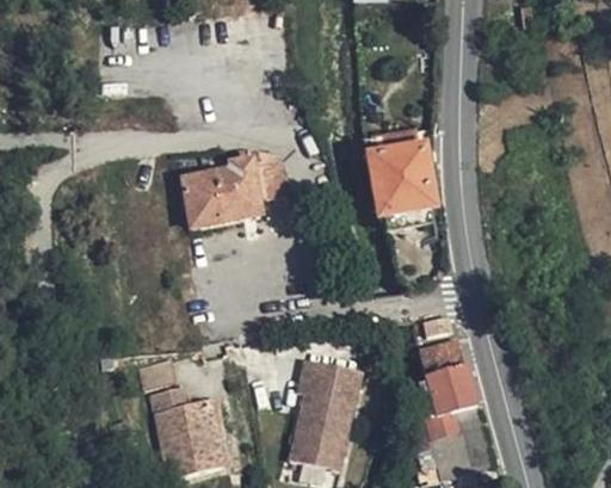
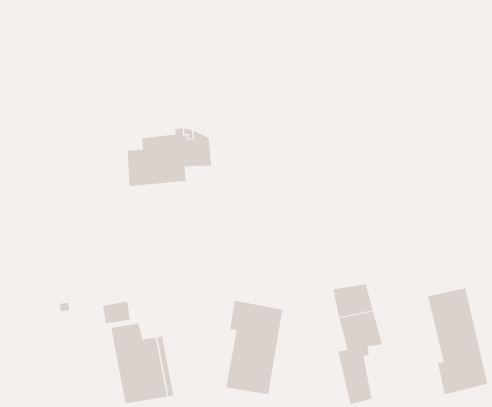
building: [370,129,436,216] -> none
building: none -> [427,287,488,395]

